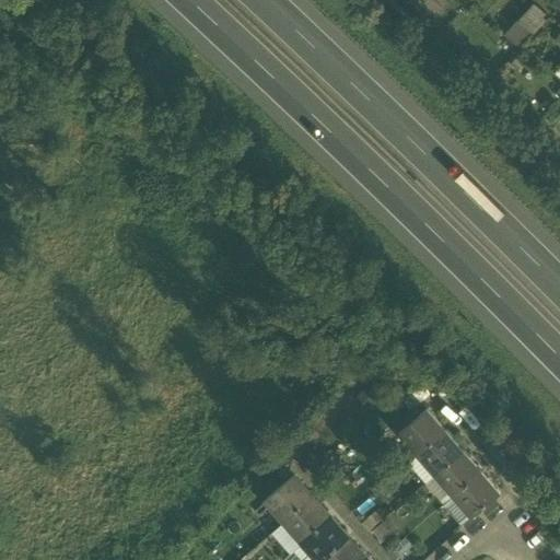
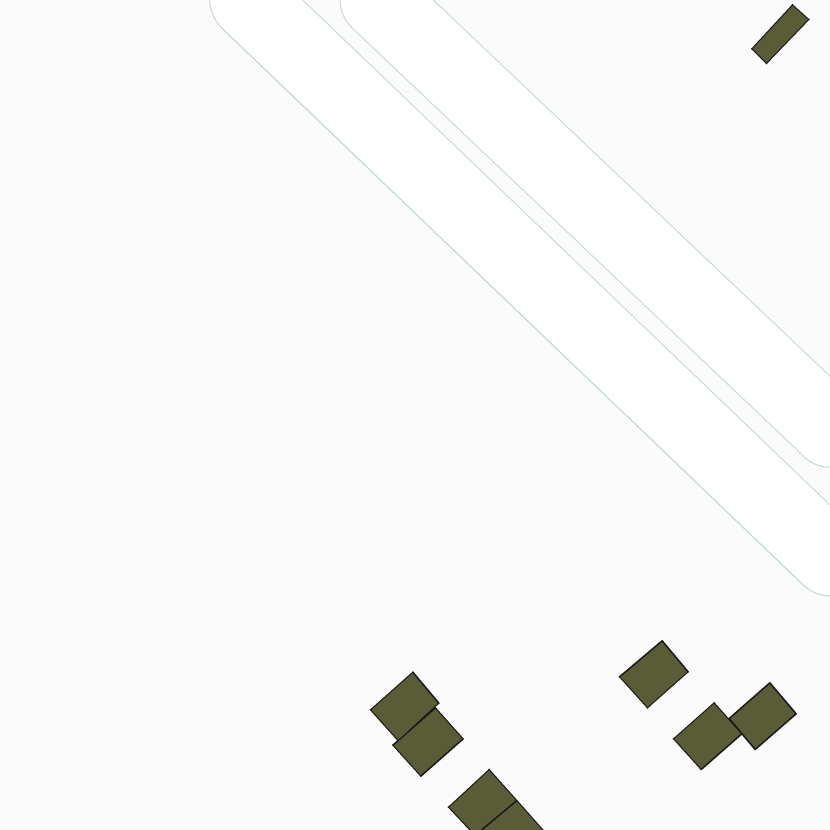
building: [397,411,444,456] -> none
building: [434,453,479,498] -> [729,683,796,750]
building: [282,498,328,544] -> [370,672,439,741]

